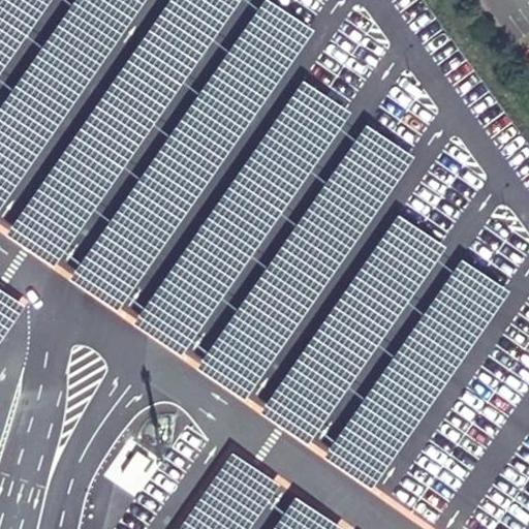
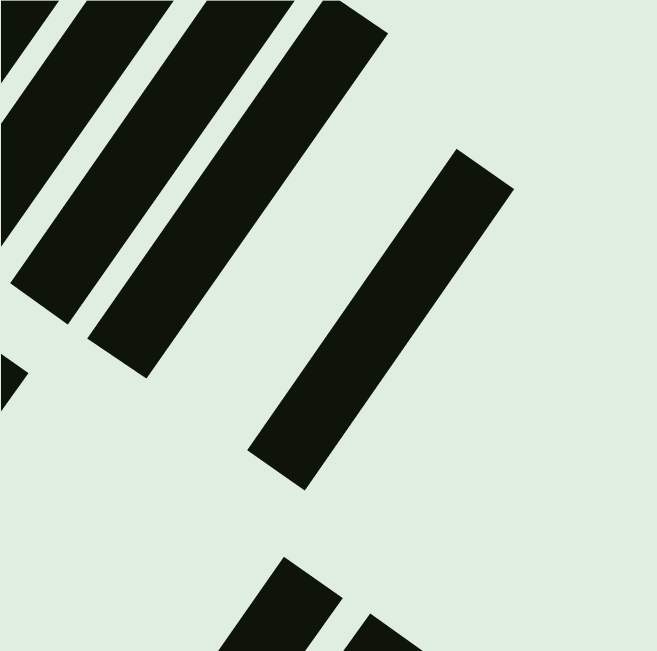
building: [134,81,351,356] -> none
building: [260,214,444,443] -> none
building: [324,259,509,489] -> none

